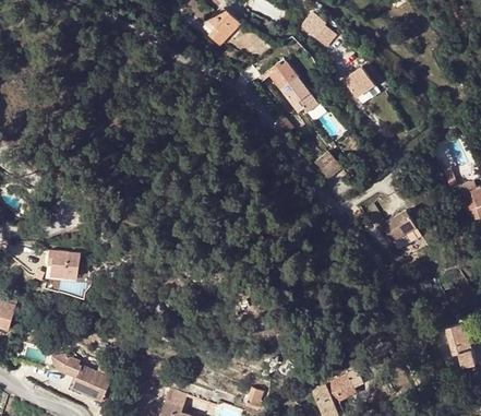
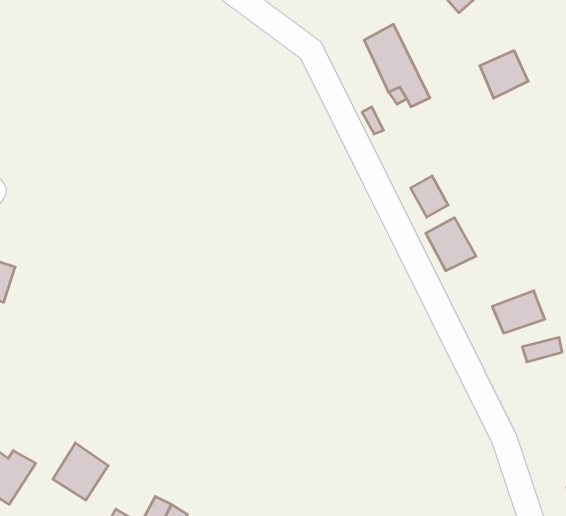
building: none -> [426,218,476,271]
building: none -> [53,443,108,500]

